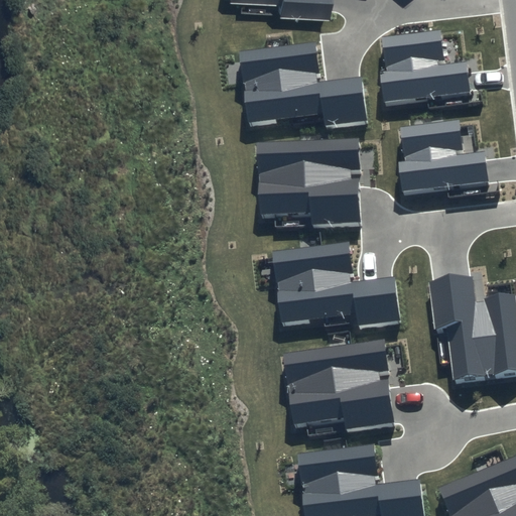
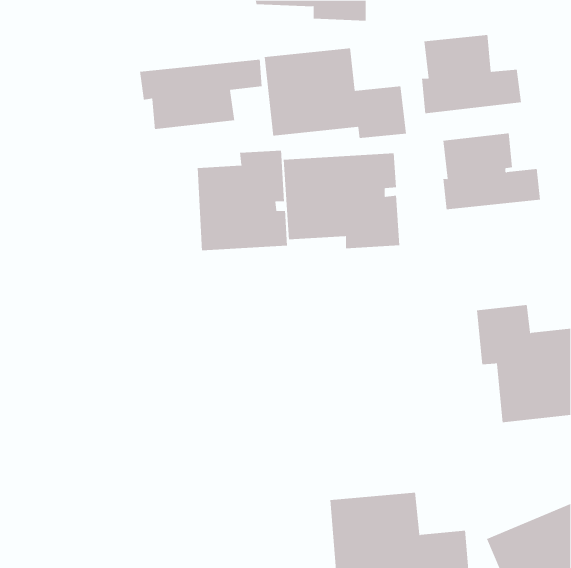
building: none -> [140,59,262,130]
building: none -> [197,150,287,251]
building: [272,244,400,327] -> none
building: [284,343,393,432] -> none

